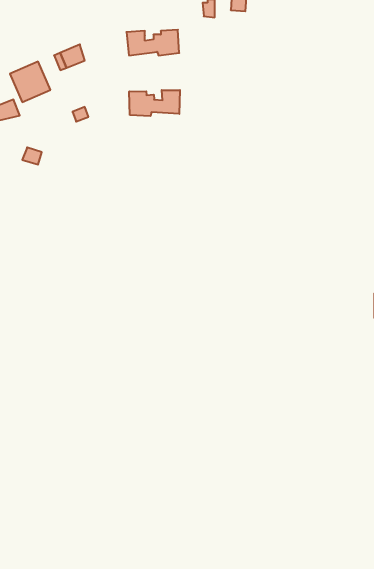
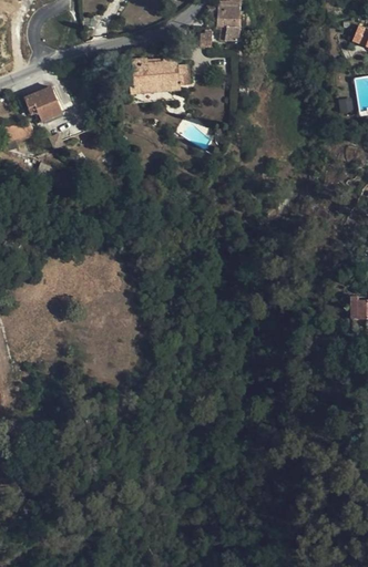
building: [129,90,180,116] -> none

